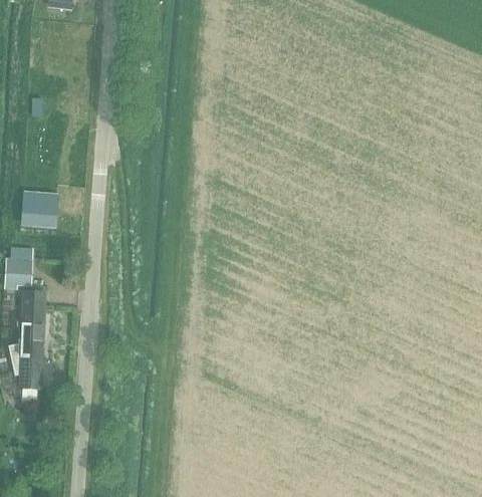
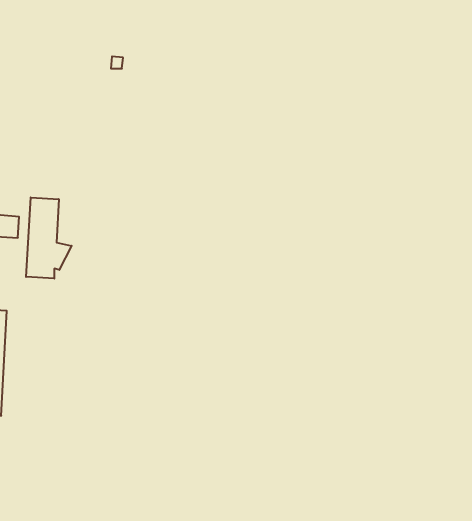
building: none -> [26,197,72,279]

